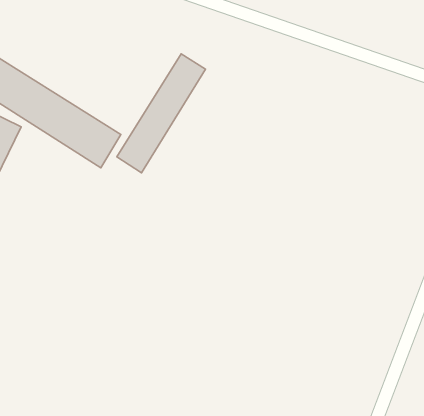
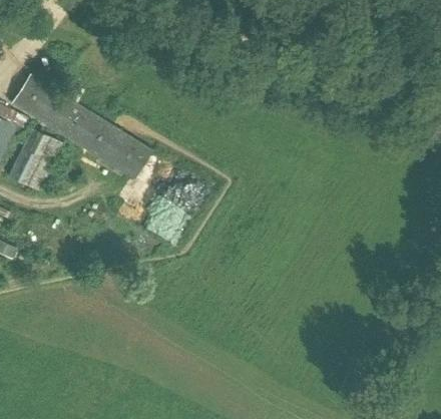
building: [117,54,205,173] -> none

